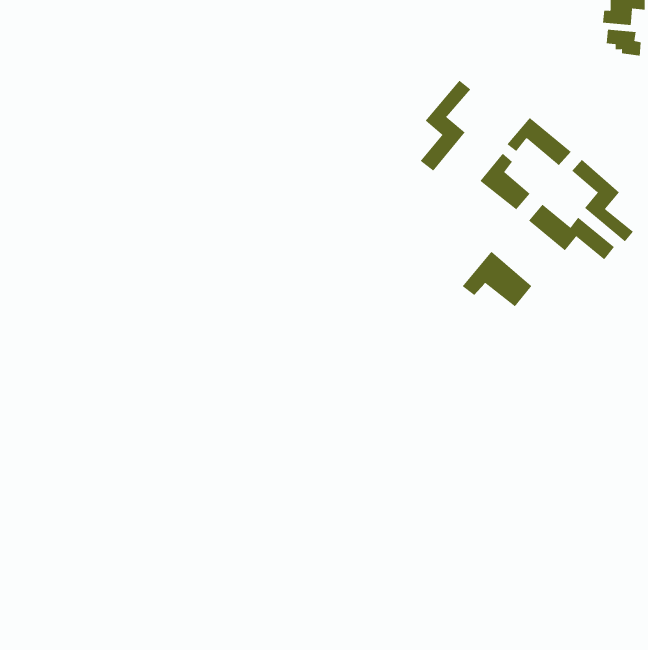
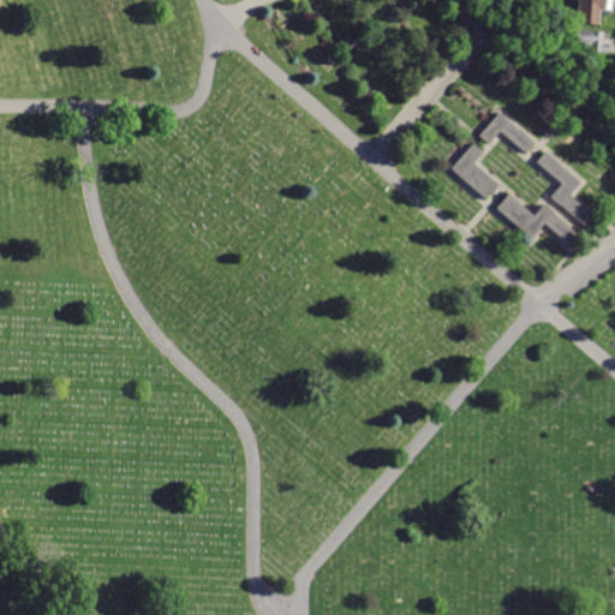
building: [420,80,471,172] -> none
building: [462,251,532,307] -> none

